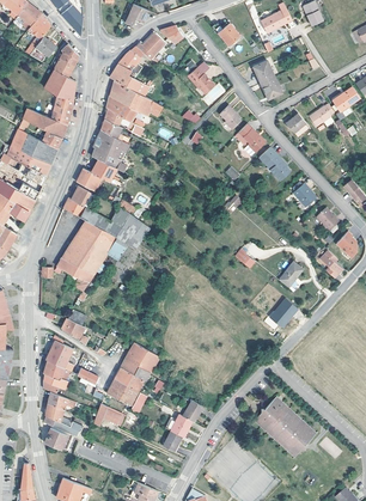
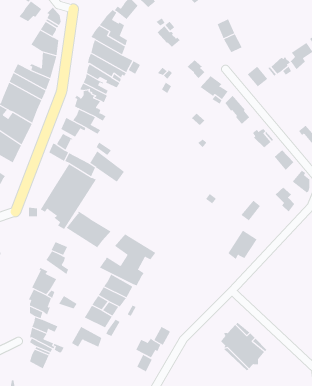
building: none -> [66,211,111,248]
building: none -> [99,233,156,286]

